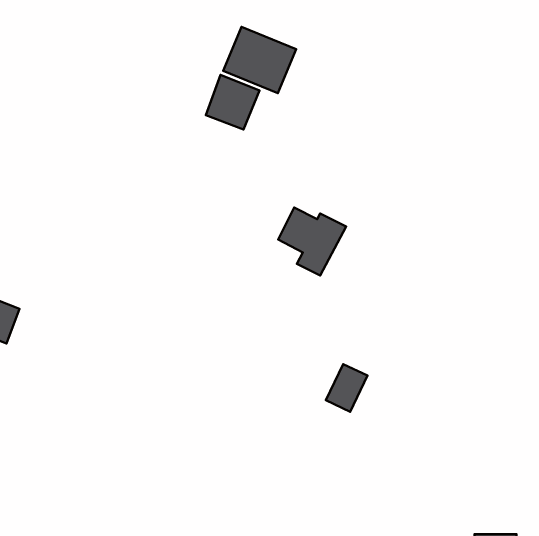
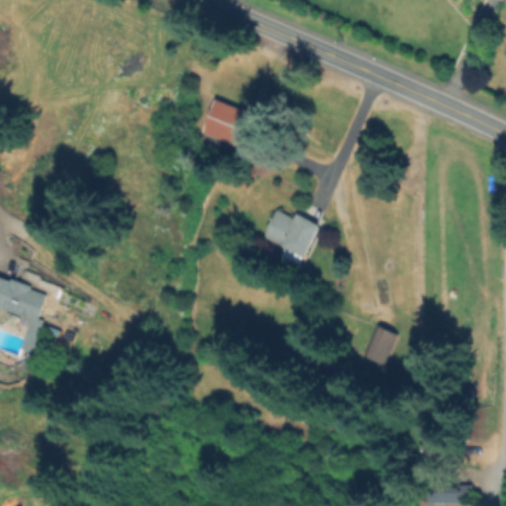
building: [223,27,296,93] -> none
building: [326,364,368,412] -> [362,326,397,365]

